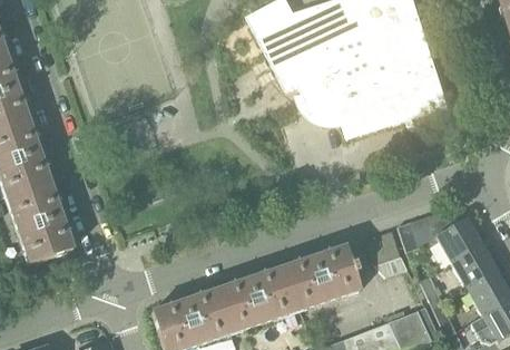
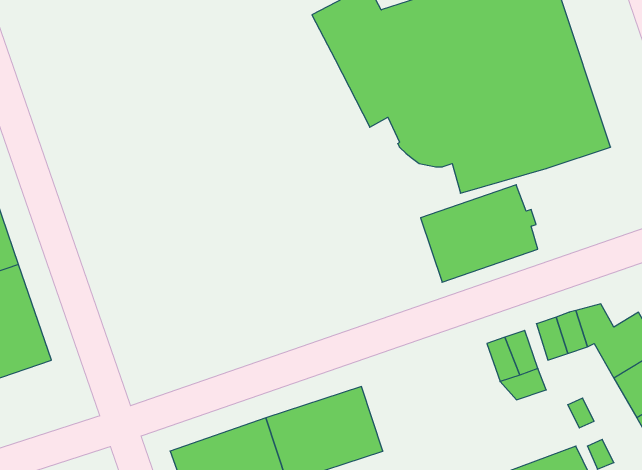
building: [282,245,361,311] -> [421,185,538,282]

